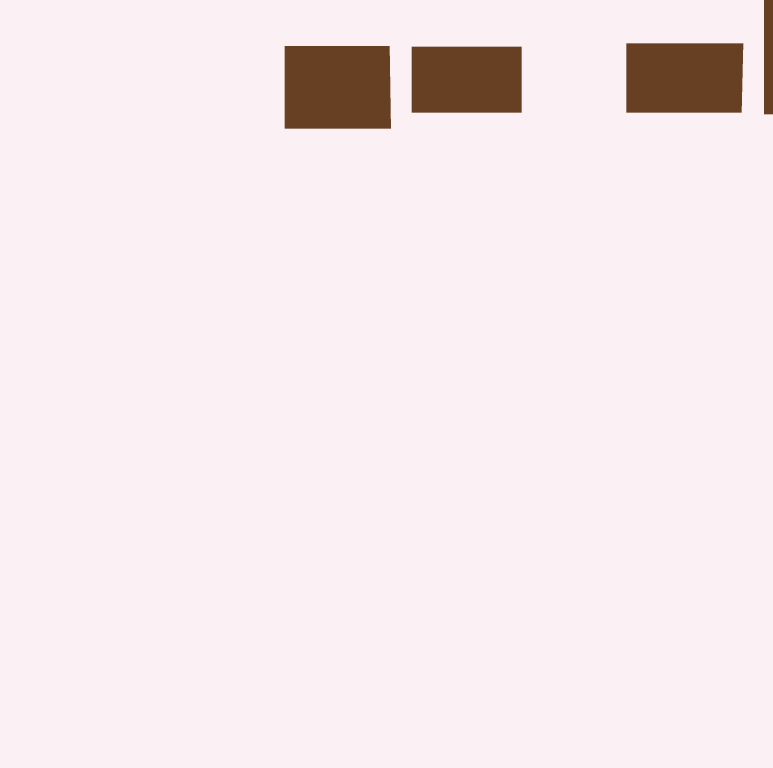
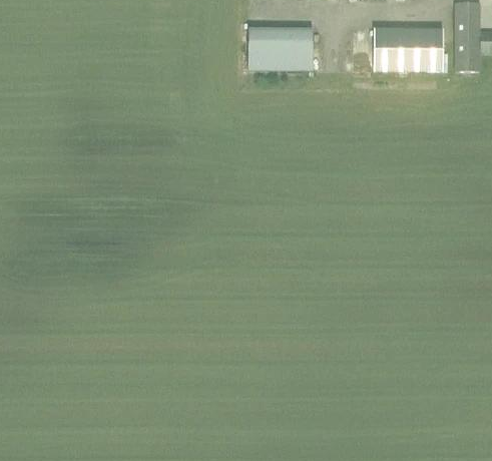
building: [284,45,392,129] -> none

